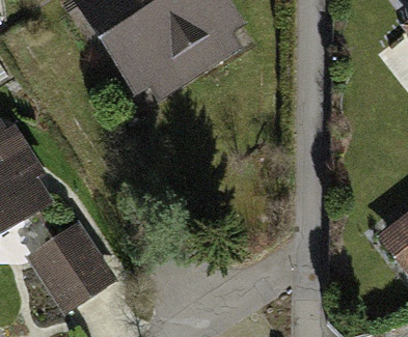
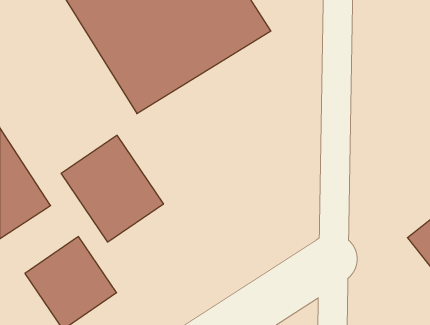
building: none -> [61,135,163,242]

